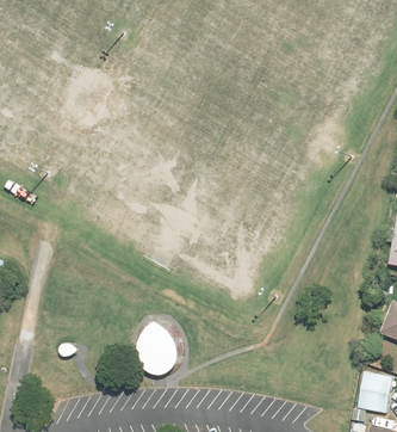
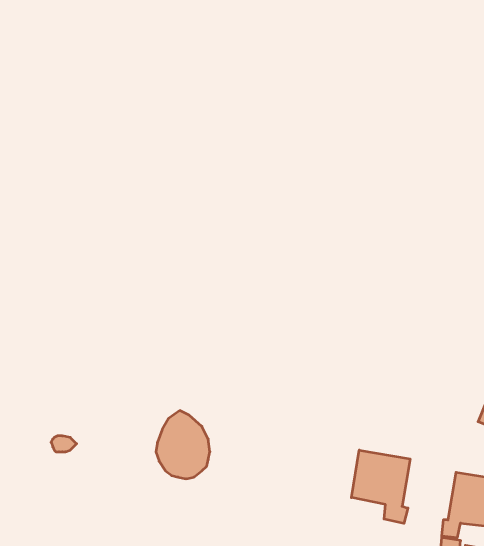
building: none -> [351,450,410,523]

